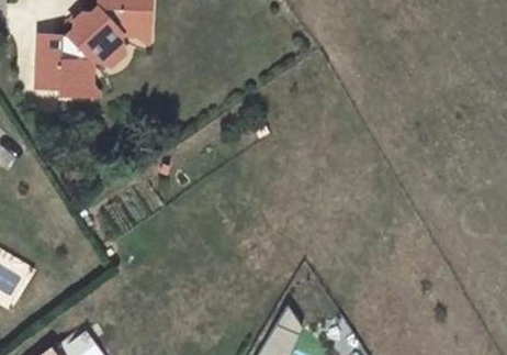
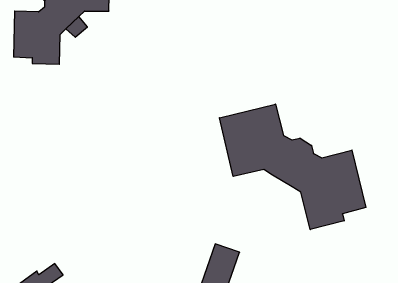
building: none -> [219,104,366,230]

